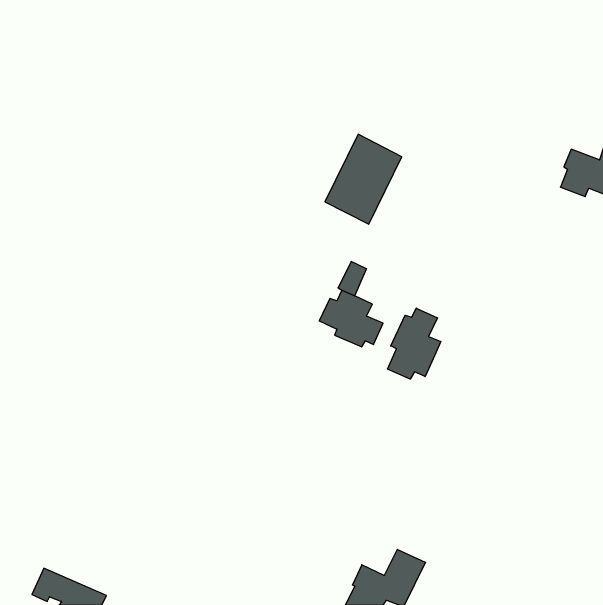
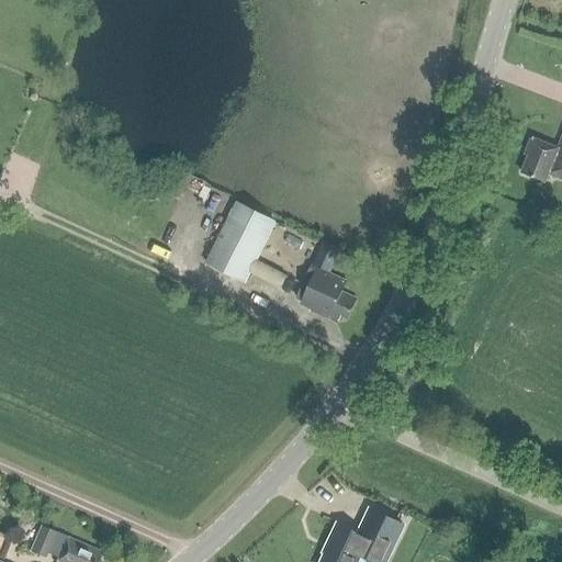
building: [325,134,402,224] -> [205,201,277,284]
building: [387,308,441,379] -> none

